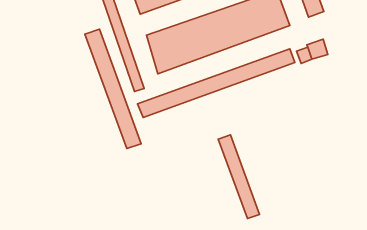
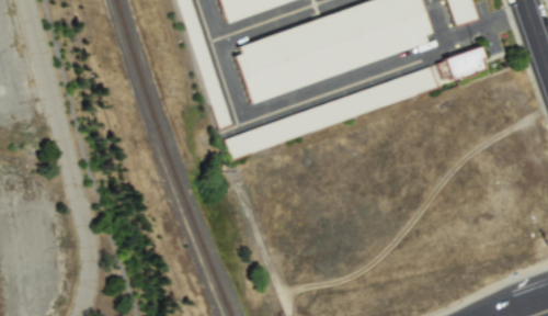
building: [85,29,141,149] -> none
building: [218,135,259,218] -> none

